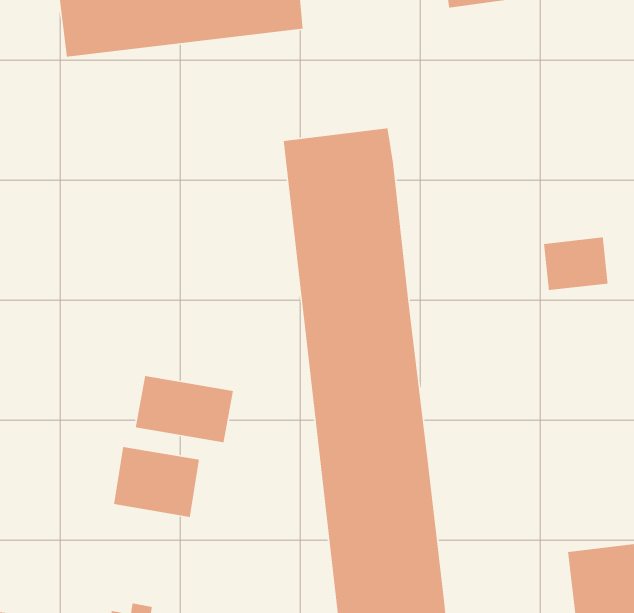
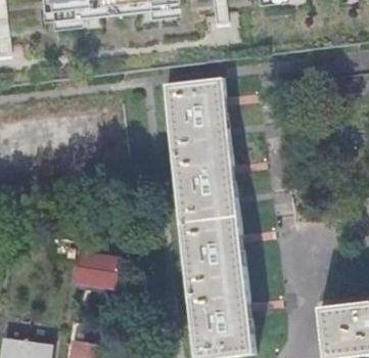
building: [543,236,609,291] -> none
building: [135,375,234,443] -> none

